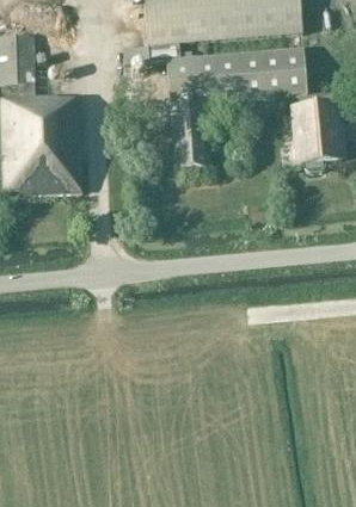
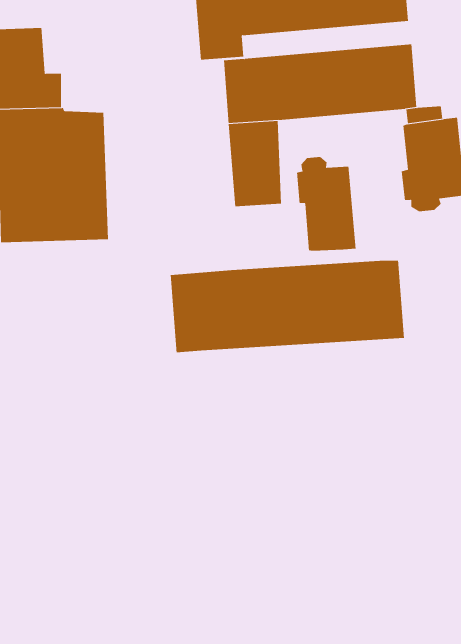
building: none -> [297,156,356,252]
building: none -> [170,260,404,353]

